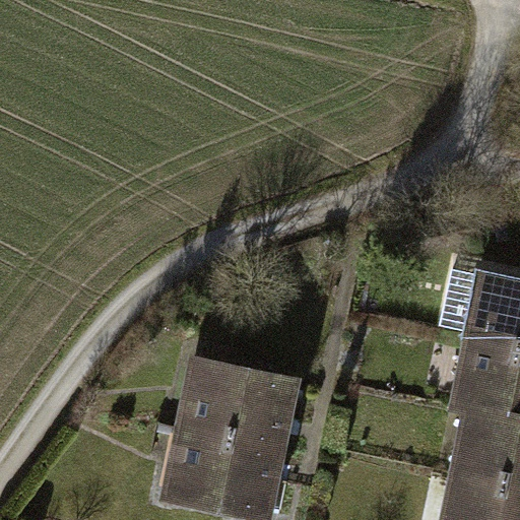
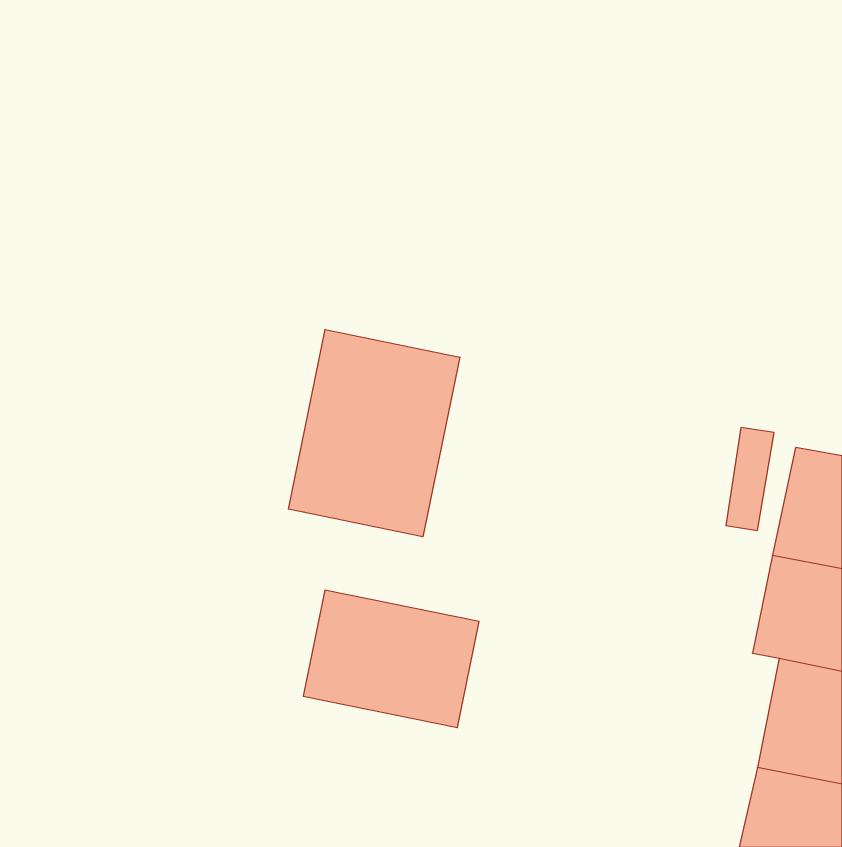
building: none -> [288,329,460,537]
building: [172,427,280,515] -> none

